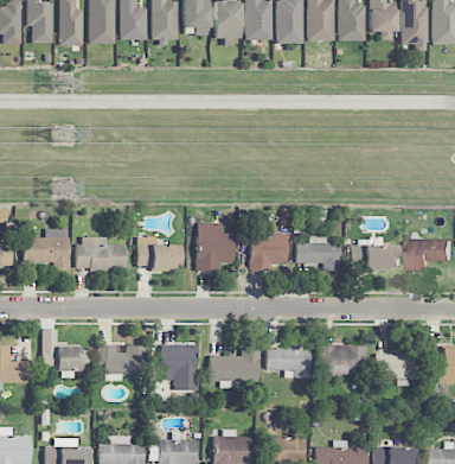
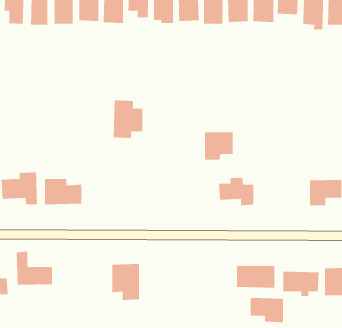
building: [197,223,235,272] -> [113,100,143,139]
building: [251,235,288,271] -> [204,132,234,160]
building: [137,237,184,271] -> none
building: [351,244,402,271] -> none
building: [211,345,261,388] -> none
building: [98,347,146,381] -> none
building: [268,347,310,379] -> [250,297,284,323]

